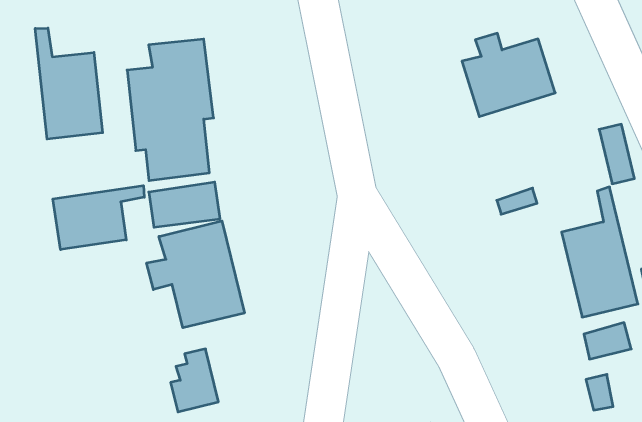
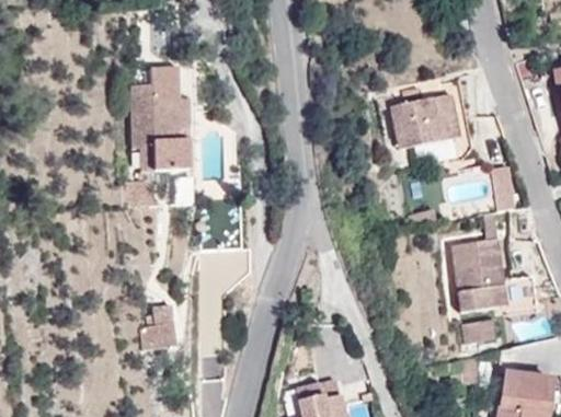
building: [35,28,103,139] -> none
building: [53,186,144,250] -> none
building: [147,221,244,328] -> none

